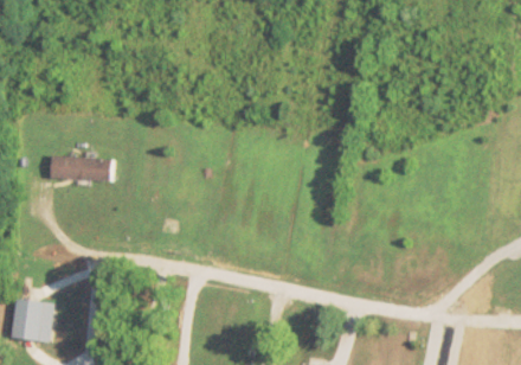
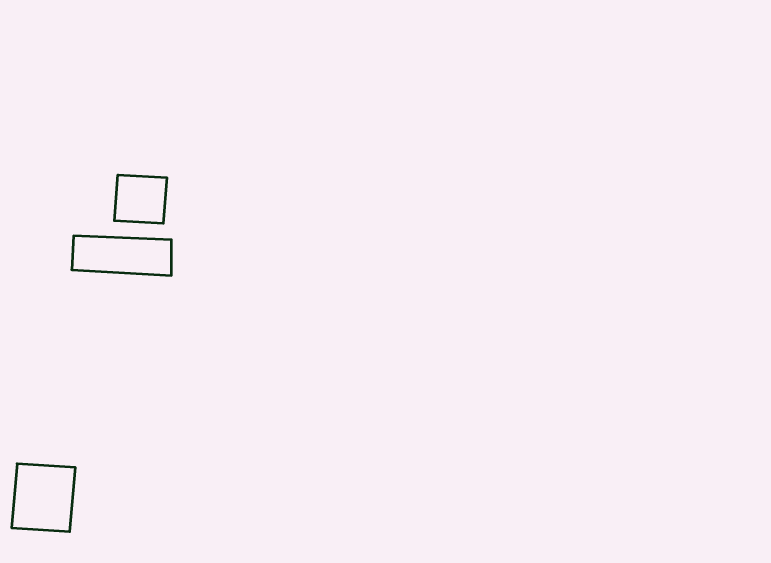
building: none -> [114,175,167,223]

